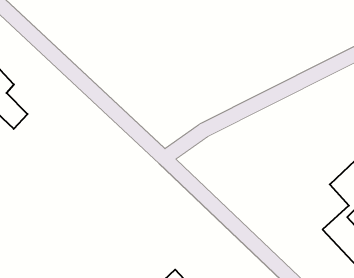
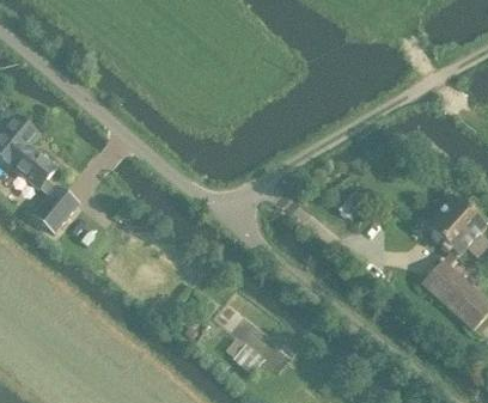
building: none -> [37,184,78,225]

